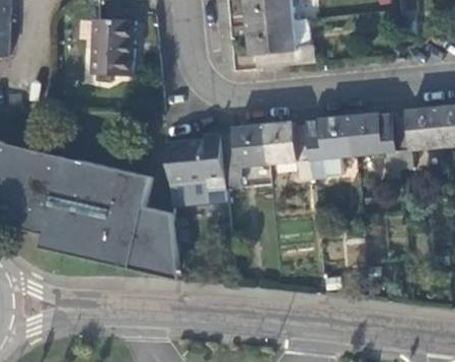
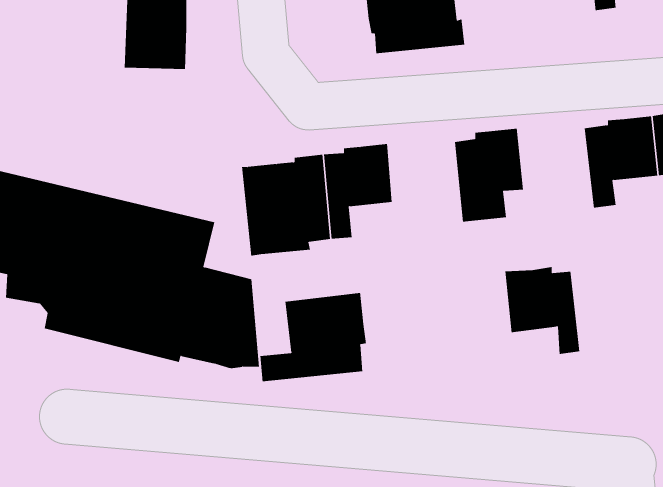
building: [348,113,397,170] -> [505,267,580,355]
building: [262,122,311,178] -> none
building: none -> [260,292,366,382]

